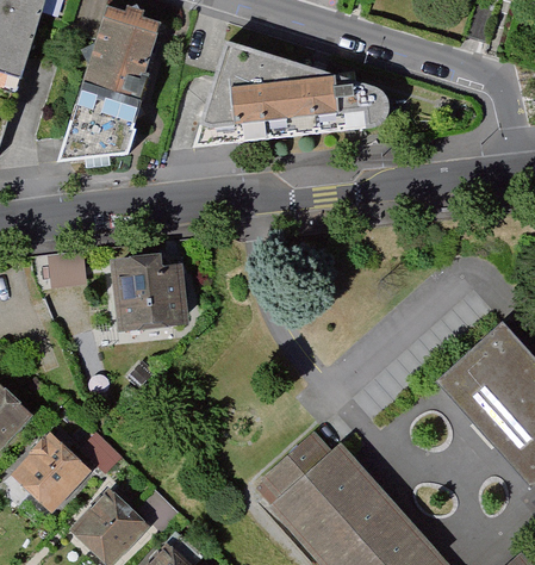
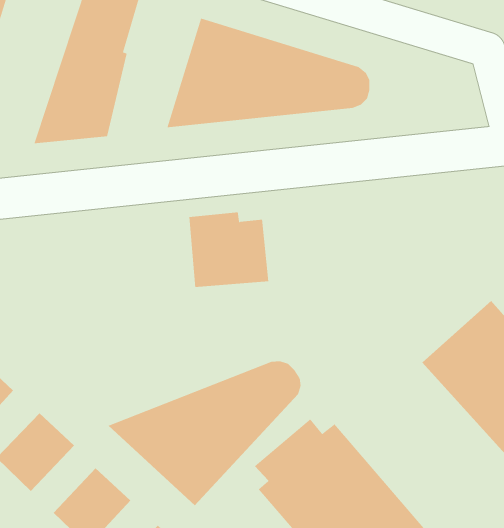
building: [45,252,82,282] -> none
building: [104,260,182,334] -> [189,212,269,288]
building: none -> [108,361,301,506]

